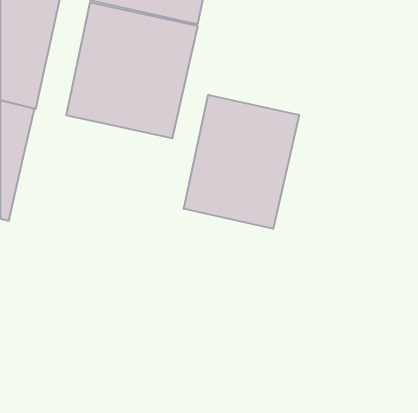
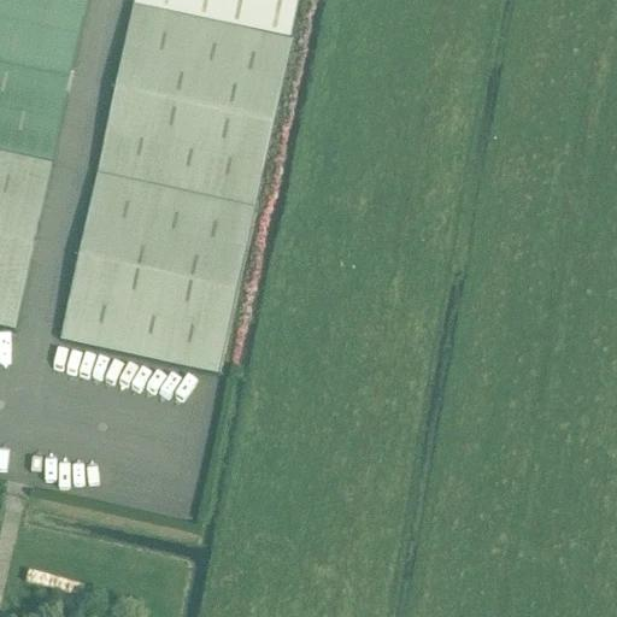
building: [184,95,299,229] -> none
building: none -> [60,172,253,371]

